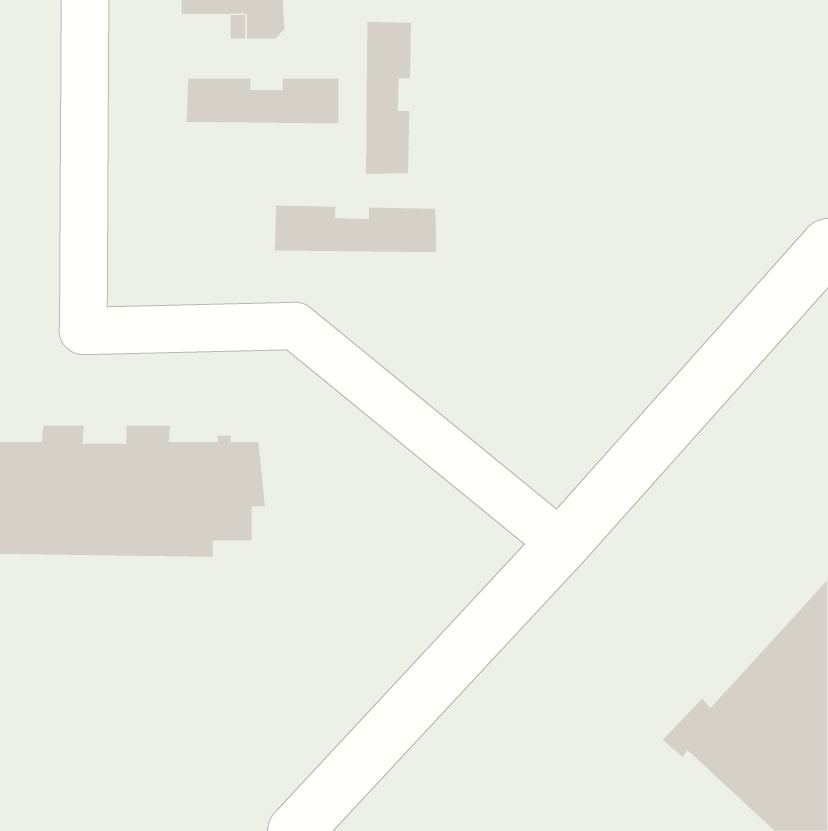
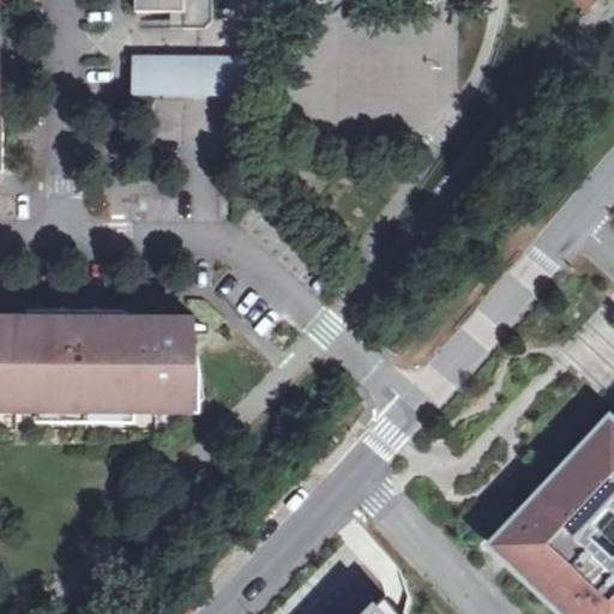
building: [365,21,412,175] -> none
building: [274,205,437,253] -> none

